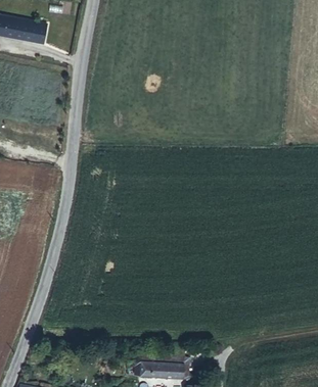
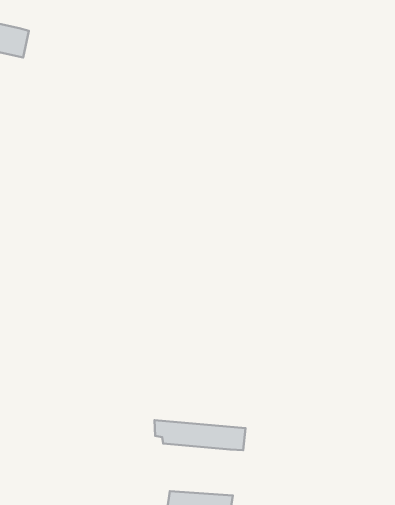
building: none -> [155,420,246,450]

